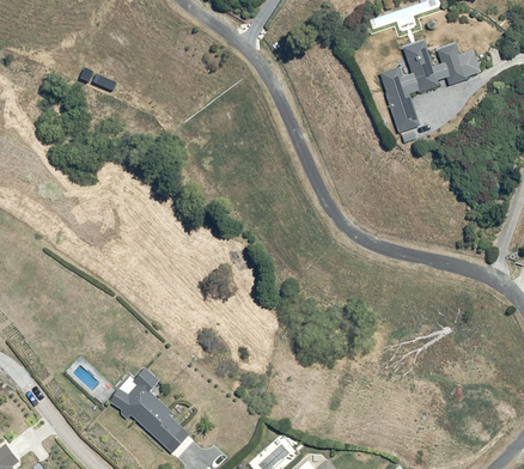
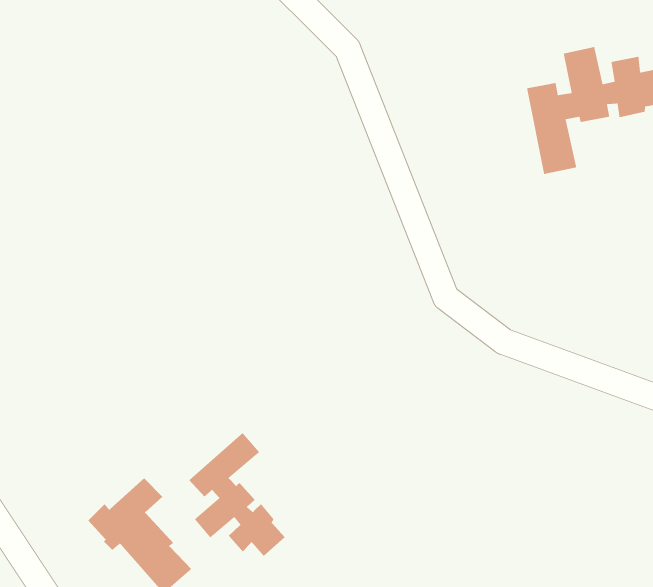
building: none -> [189,432,286,557]

